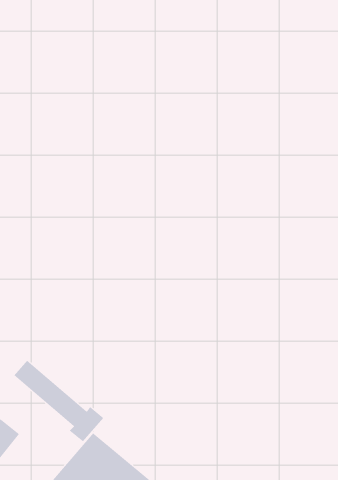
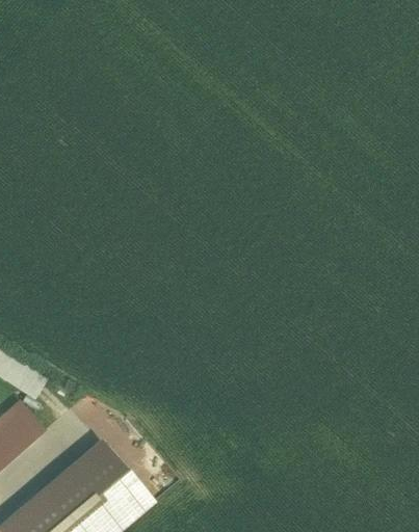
building: [14,360,104,442] -> none

